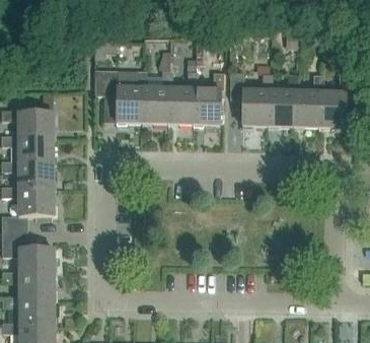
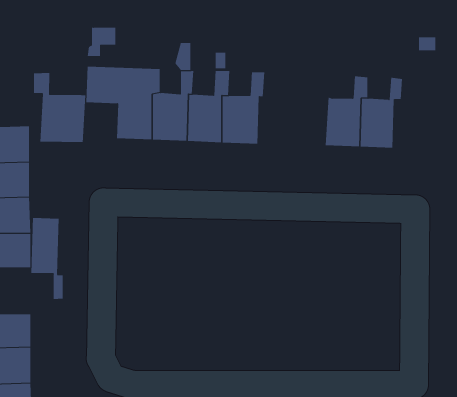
building: none -> [33,72,86,143]
building: [232,74,275,126] -> none
building: [318,77,351,129] -> none
building: none -> [31,217,63,300]

